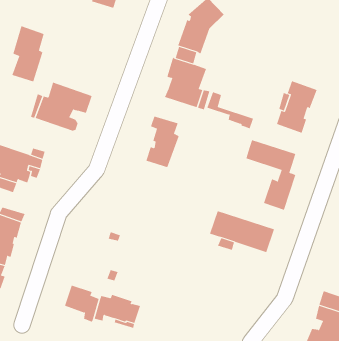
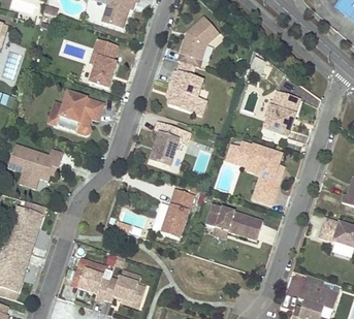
building: [11,26,44,82] -> [89,37,118,87]
building: [207,91,254,129] -> [227,143,268,177]
building: none -> [161,188,194,237]

